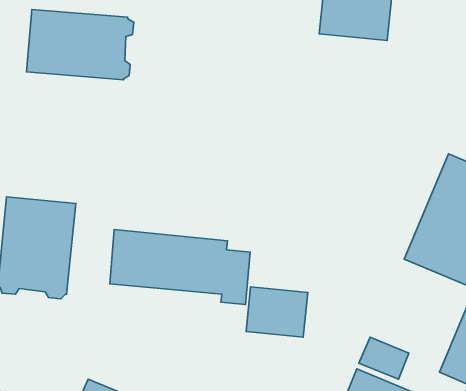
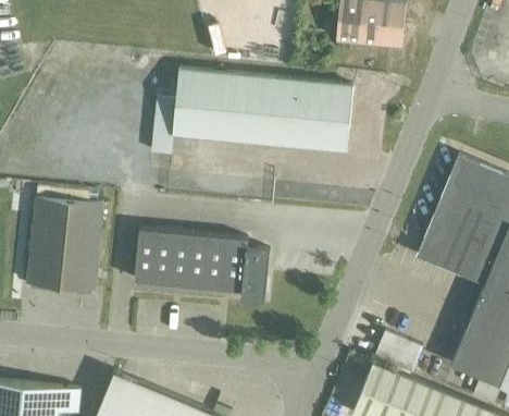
building: [26,9,134,80] -> none
building: none -> [151,70,352,152]
building: [246,287,308,337] -> none

